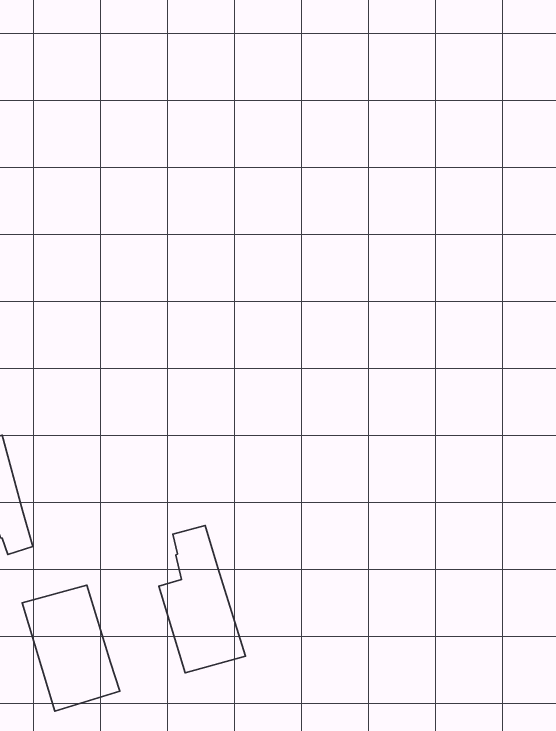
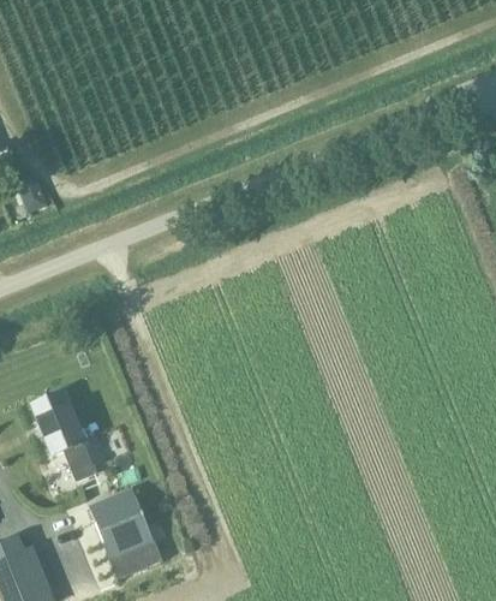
building: [159,525,245,673] -> none

